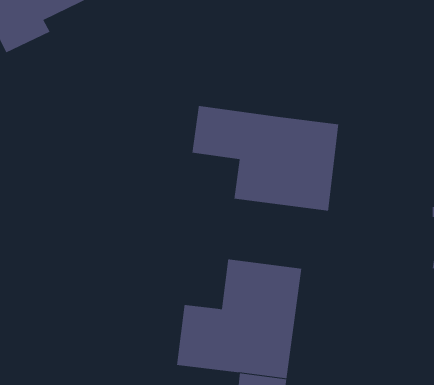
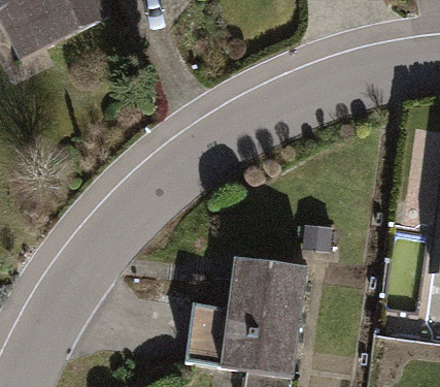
building: [192,105,339,211] -> none

